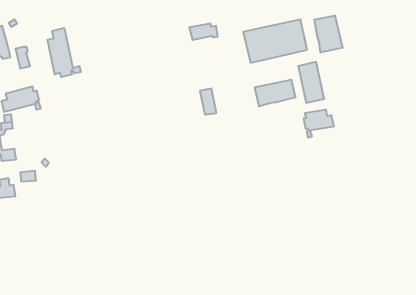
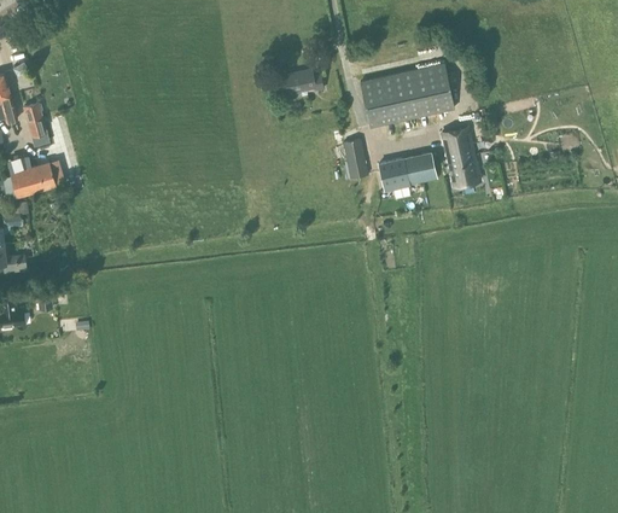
building: [315,15,343,53] -> none
building: [47,28,81,77] -> none
building: [200,88,216,115] -> [343,138,367,176]
building: [304,109,334,138] -> none

